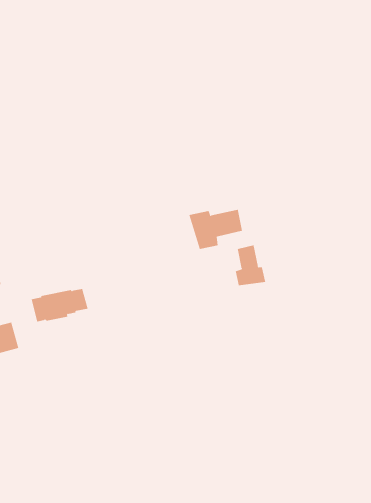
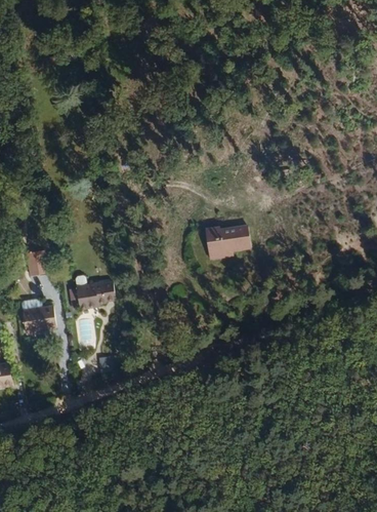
building: [235,245,266,286] -> none

